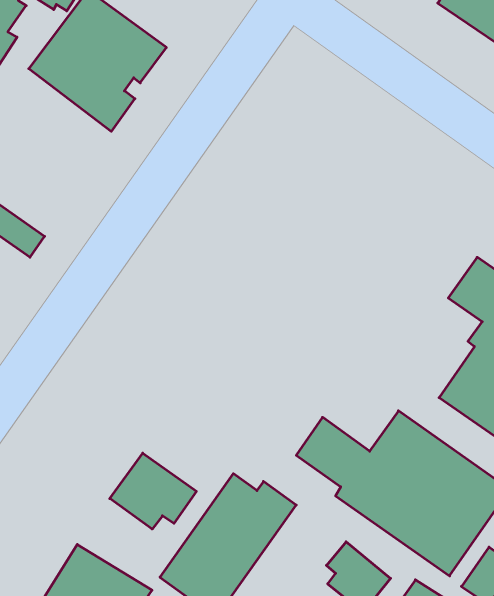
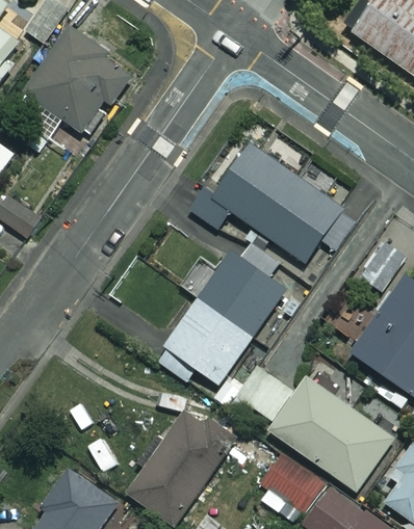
building: none -> [189,143,357,262]
building: none -> [164,242,286,383]
building: [110,453,196,529] -> none

